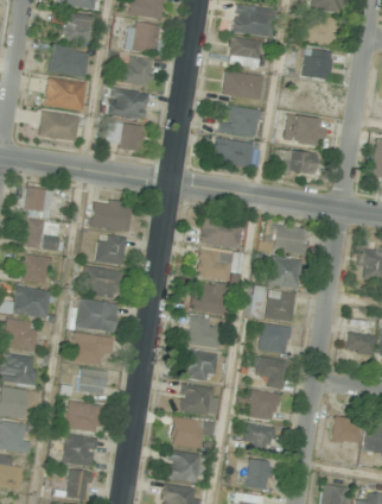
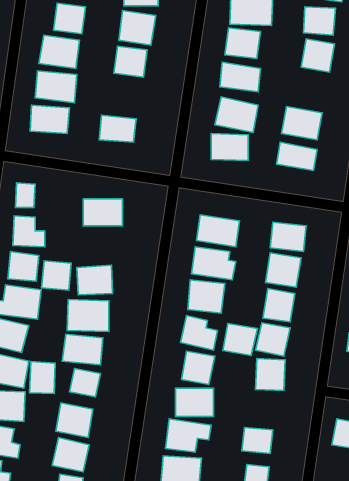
building: [108,87,149,120] -> none
building: [97,234,126,263] -> [42,261,71,290]
building: none -> [30,361,55,393]
building: [247,389,280,420] -> [223,323,257,355]

